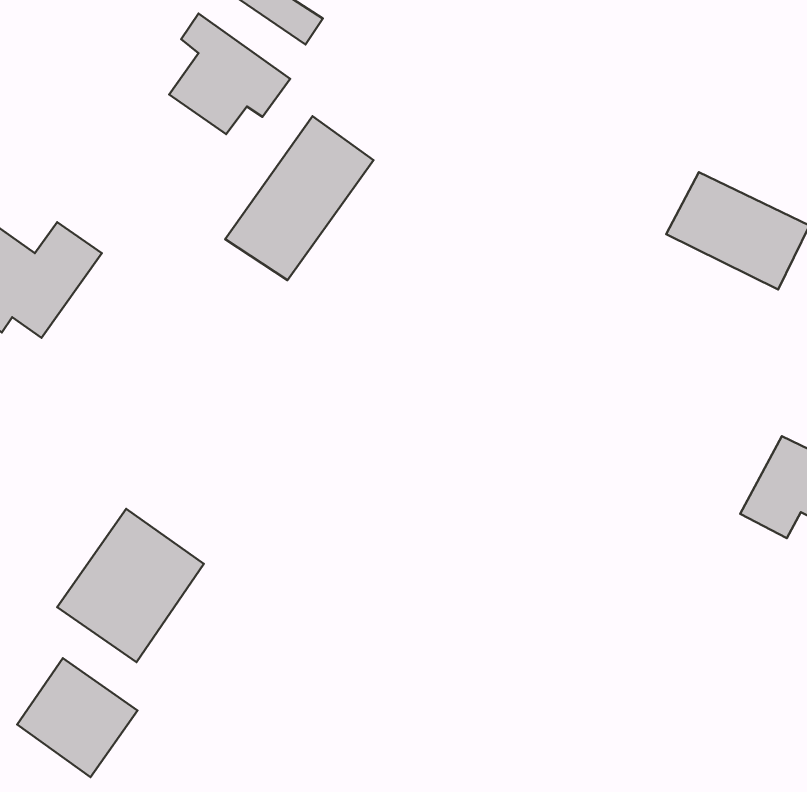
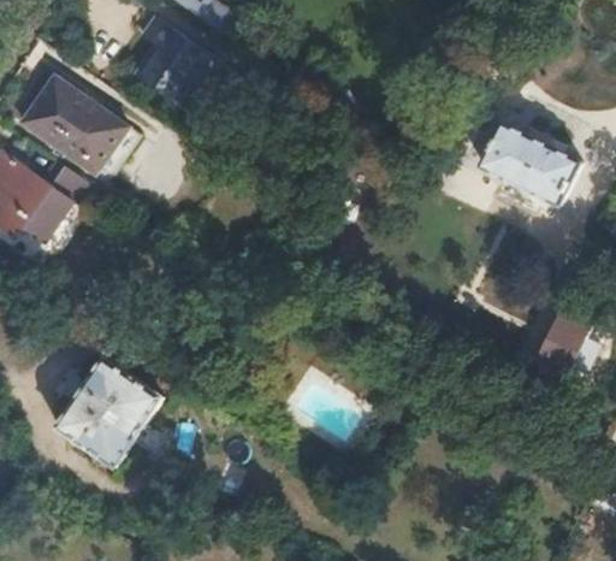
building: none -> [20,75,138,179]
building: [225,116,374,280] -> none
building: [17,658,138,777] -> none

